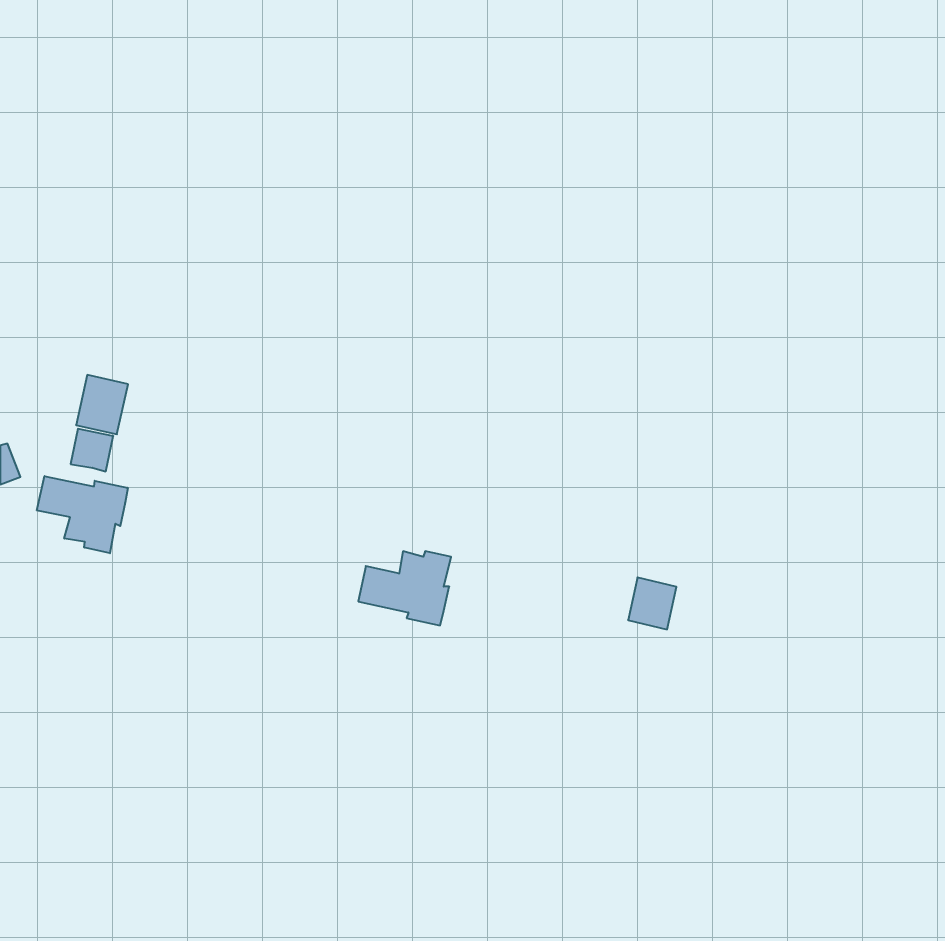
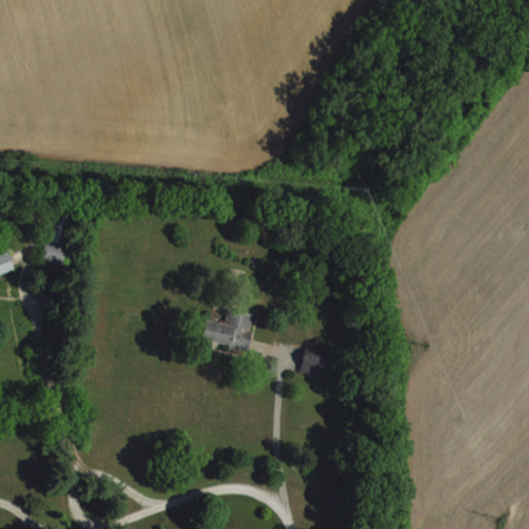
building: [37,476,128,553] -> none
building: [628,577,676,629] -> [300,348,326,377]

